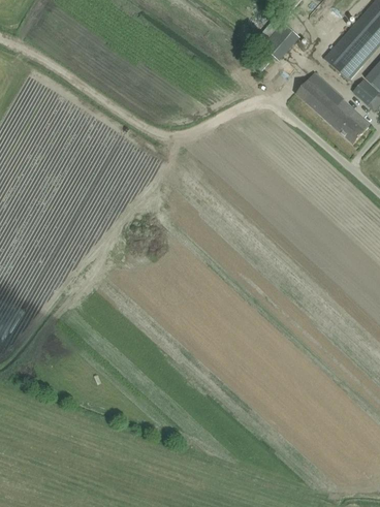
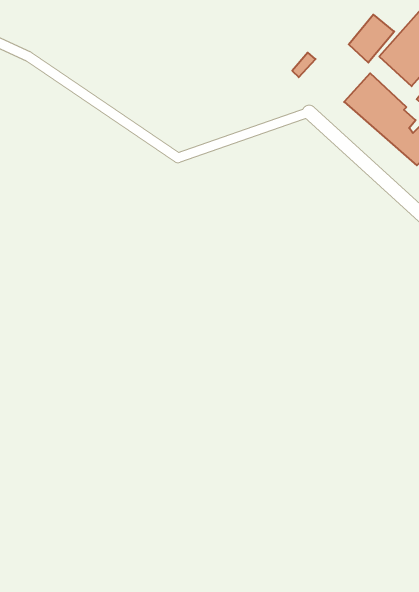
building: [262,23,298,61] -> [349,15,394,63]

